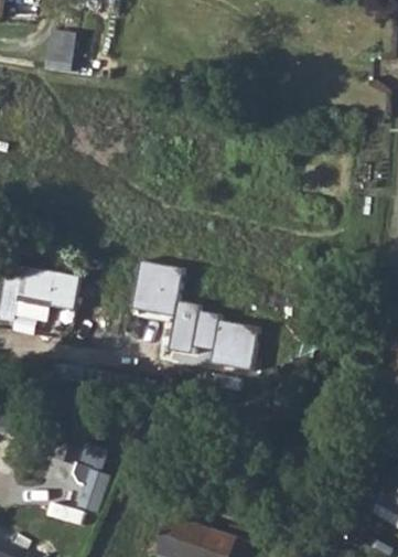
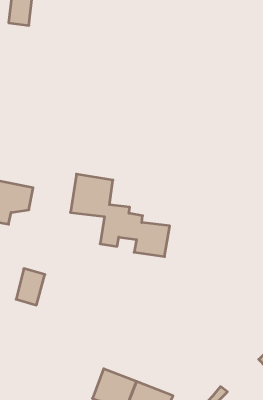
building: [74,464,111,512] -> [16,269,45,305]

